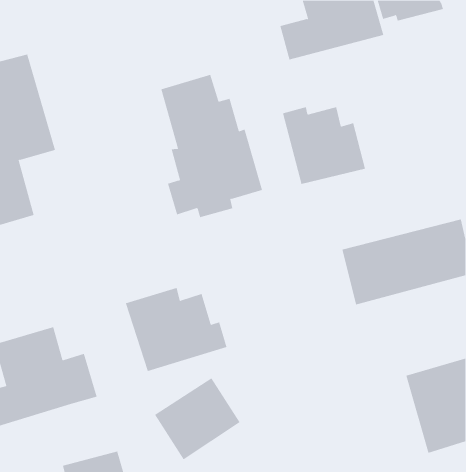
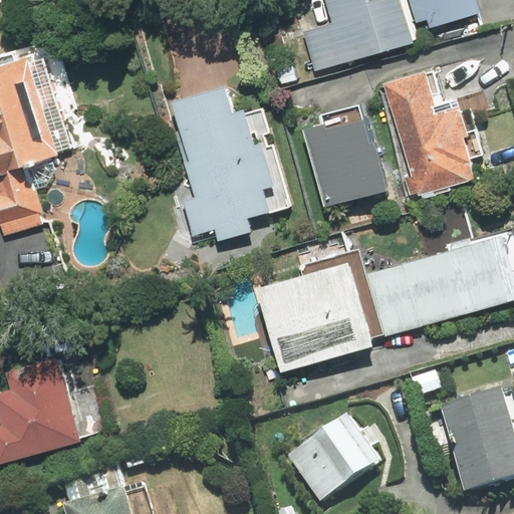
building: none -> [383,71,484,204]
building: none -> [259,257,380,369]
building: [125,287,227,372] -> none
building: [154,378,241,460] -> [285,416,378,505]

